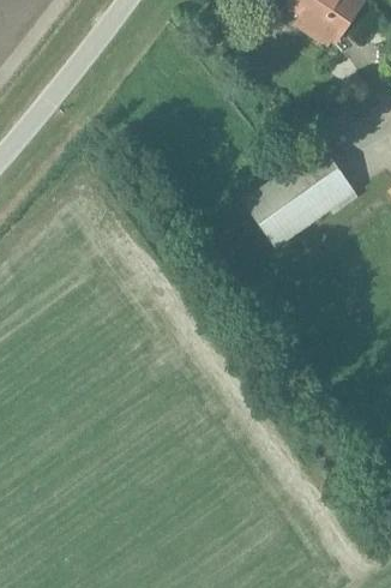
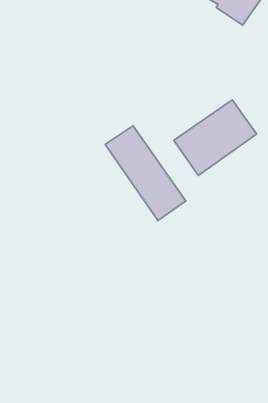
building: none -> [105,126,186,221]

